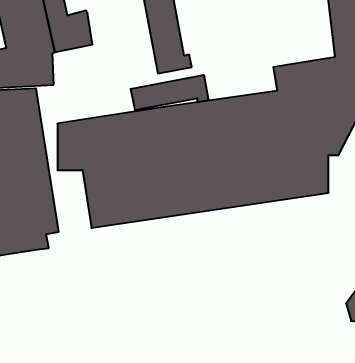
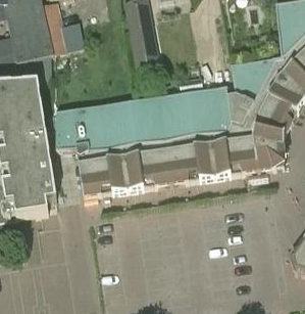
building: [131,75,209,110] -> none

